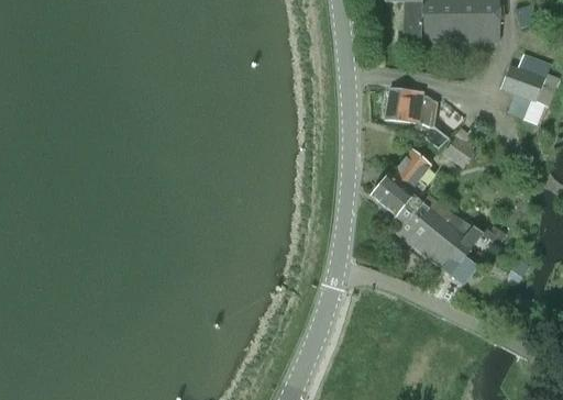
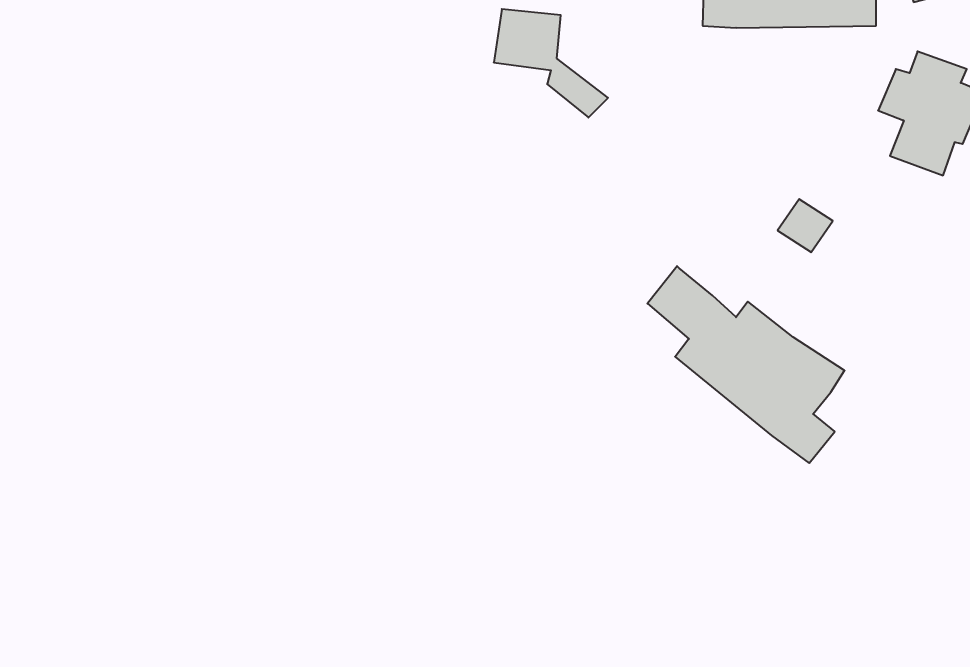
building: [385,88,449,148] -> [494,9,608,118]
building: [389,149,430,196] -> none

